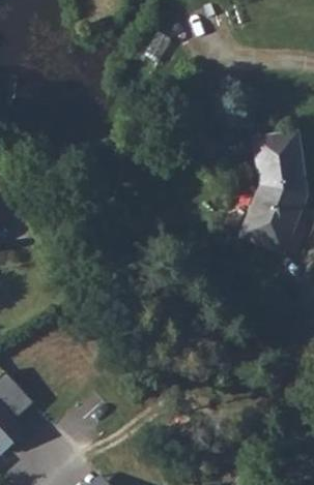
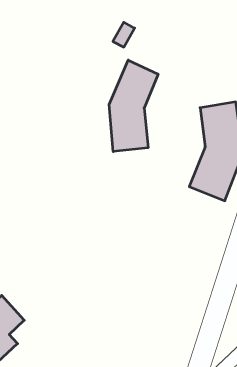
building: none -> [109,60,158,152]

